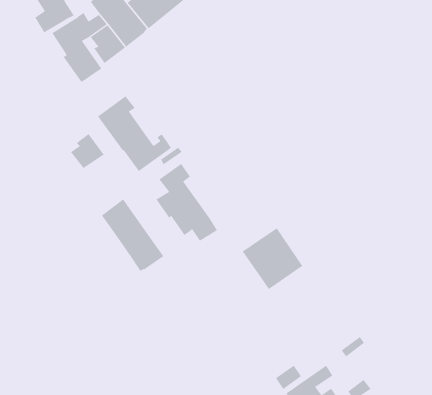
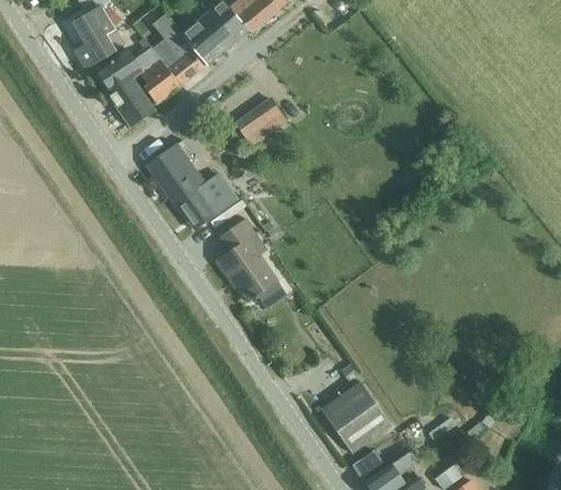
building: none -> [236,95,289,145]
building: [70,133,104,169] -> none
building: [101,199,164,271] -> none
building: [242,228,303,290] -> [320,381,390,453]

